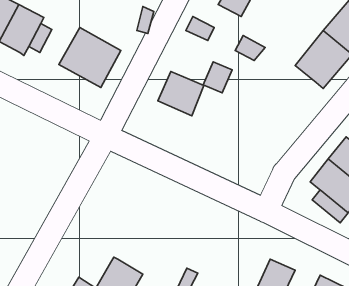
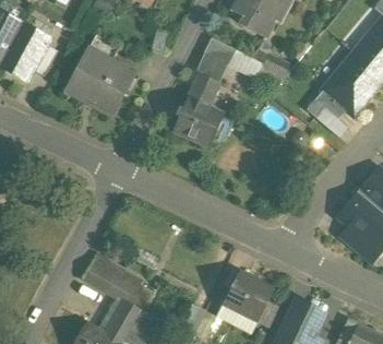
building: [203,62,232,93] -> [188,72,219,106]
building: none -> [307,91,346,130]
building: none -> [80,253,142,305]
building: none -> [223,272,274,320]

